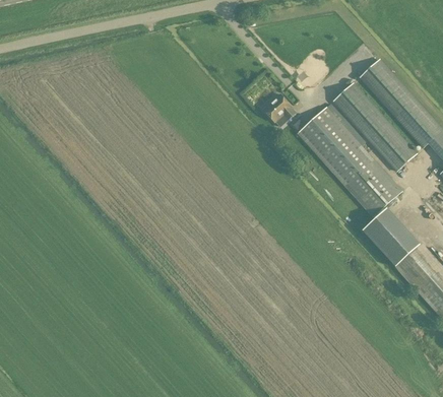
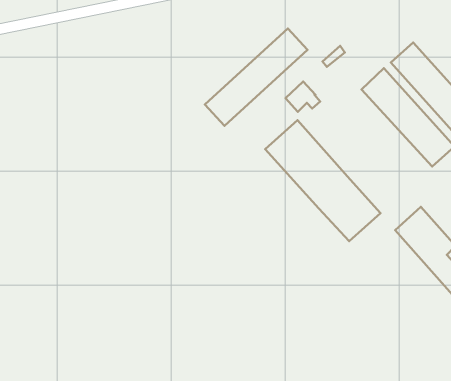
building: none -> [205,29,308,126]
building: [298,106,402,215] -> [265,120,380,241]

